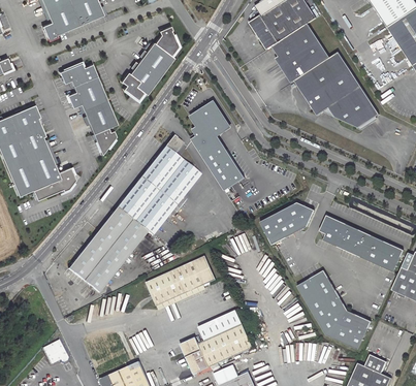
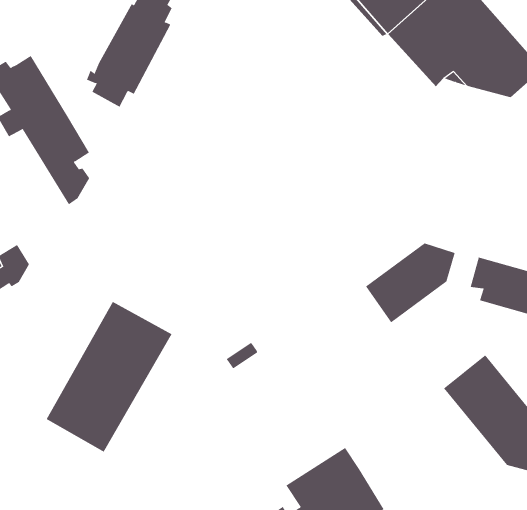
building: [189,99,245,191] -> none
building: [117,135,199,235] -> none
building: [146,256,216,309] -> none

